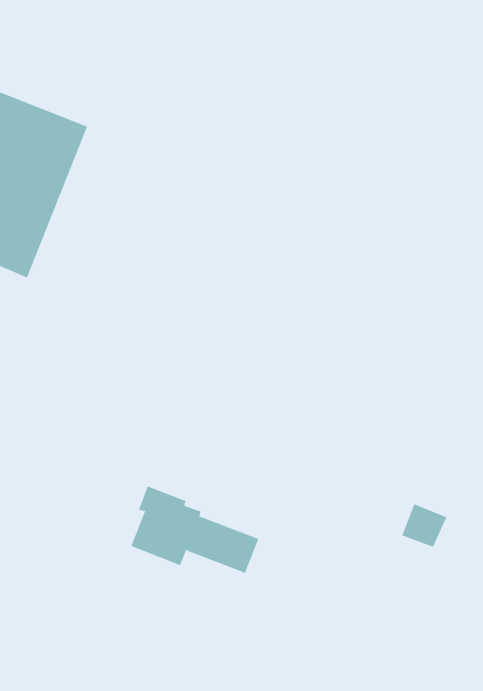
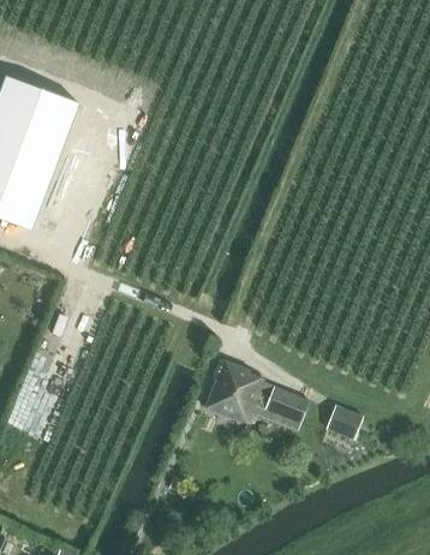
building: [130,486,259,574] -> [205,359,307,429]

